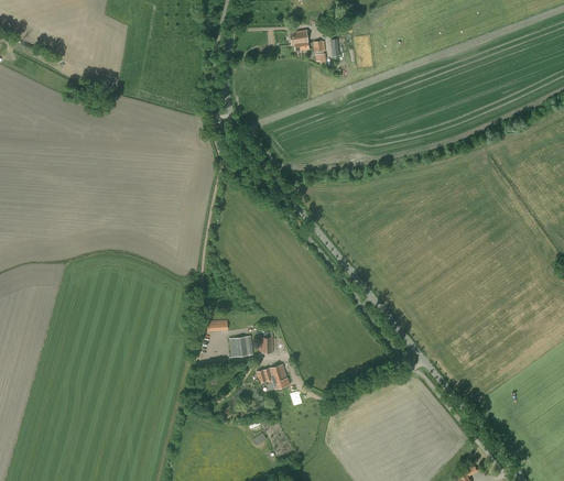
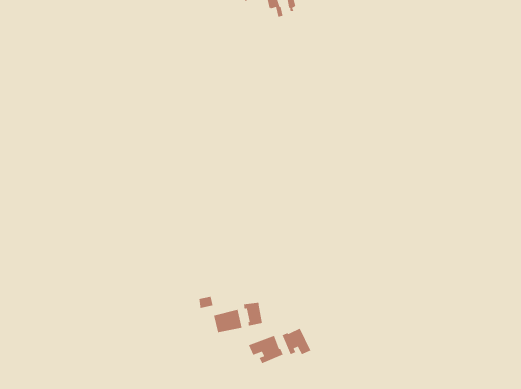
building: none -> [281,327,312,355]

